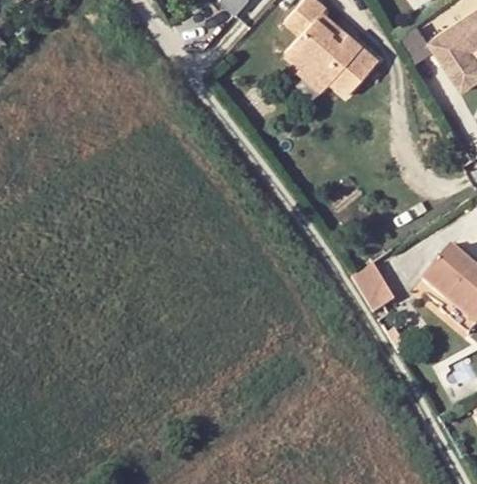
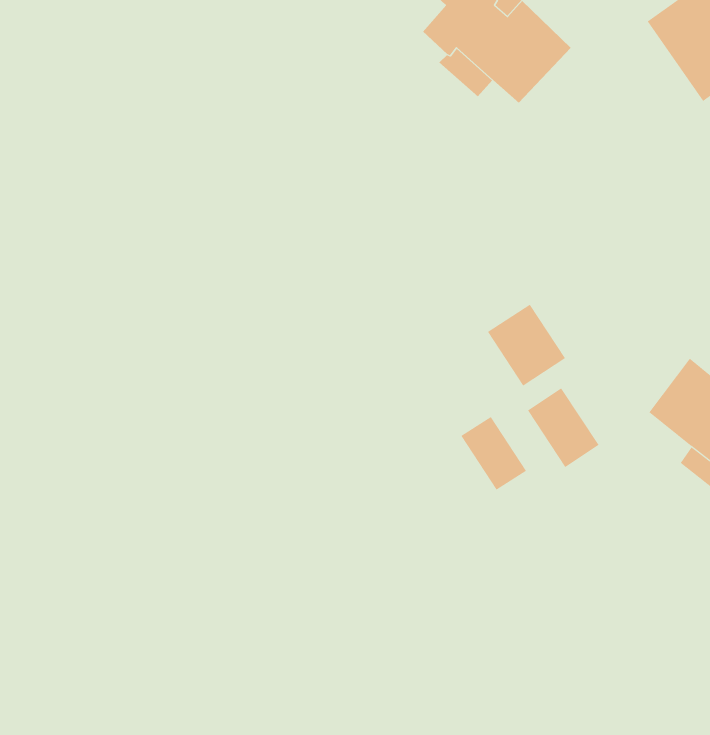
building: none -> [487,304,566,386]
building: none -> [460,416,527,491]

